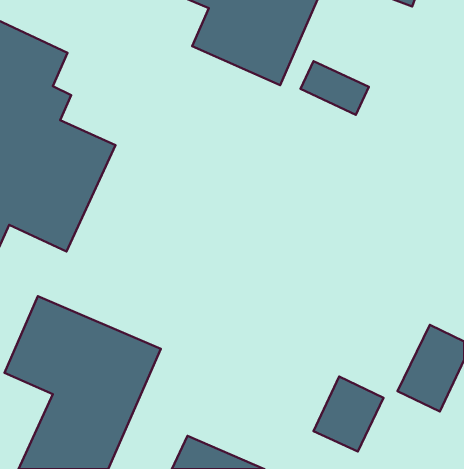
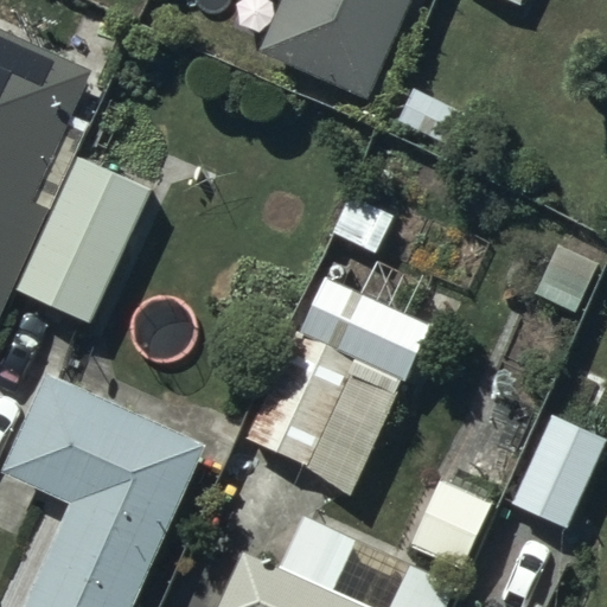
building: none -> [254,270,440,490]

